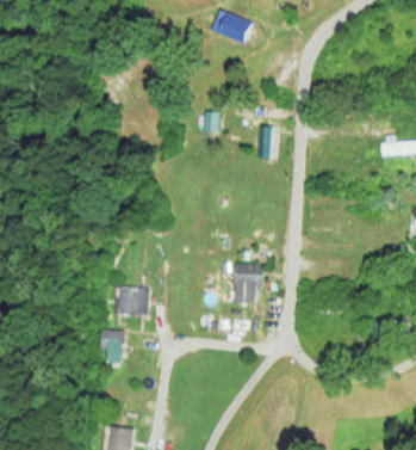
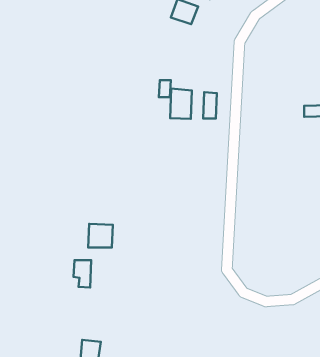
building: none -> [170,88,192,119]
building: [234,264,263,303] -> none

